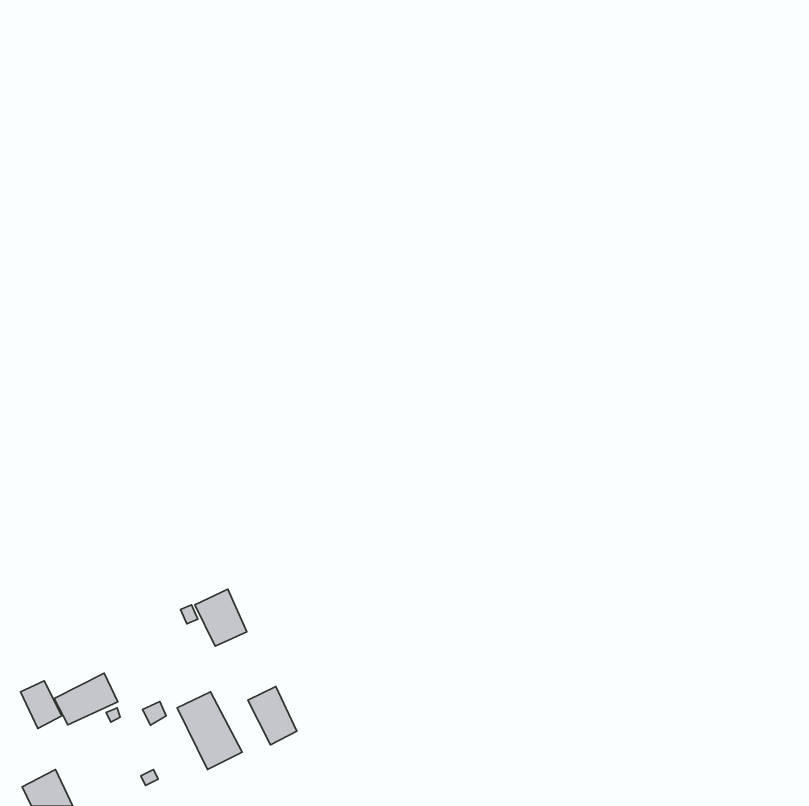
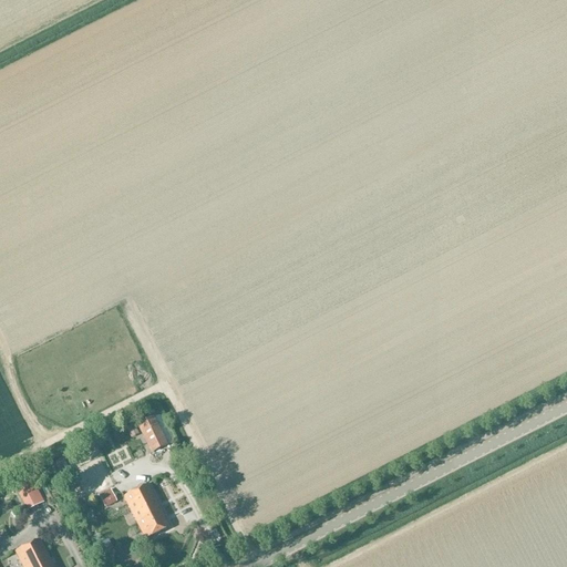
building: [54,673,118,725] -> none
building: [248,687,297,745] -> none

